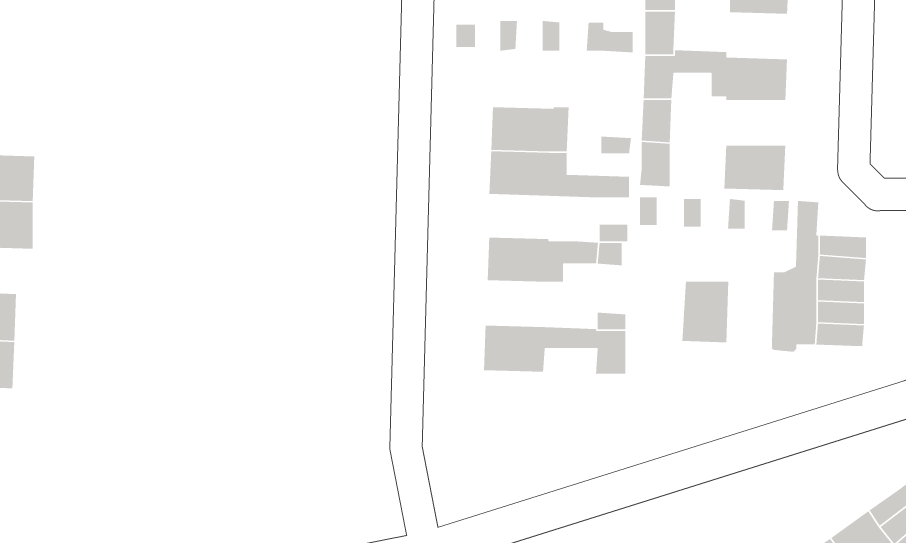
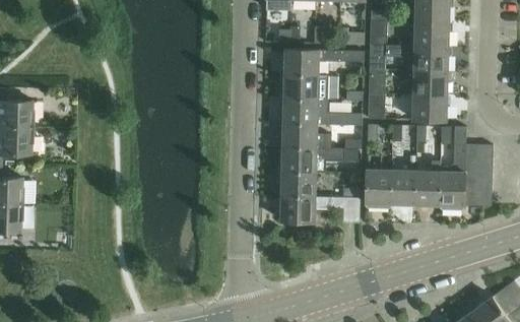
building: none -> [415,22,449,48]
building: none -> [285,49,363,75]
building: none -> [414,71,448,95]
building: none -> [283,123,331,148]
building: none -> [415,160,441,205]
building: none -> [367,170,392,208]
building: none -> [281,171,316,196]

